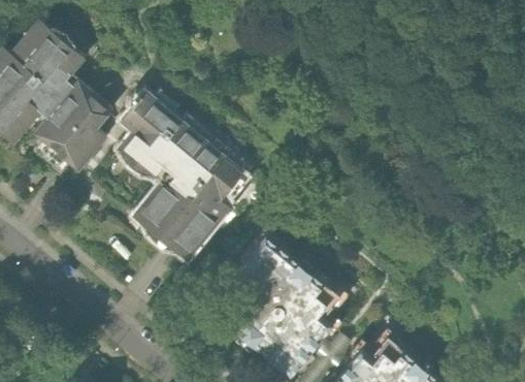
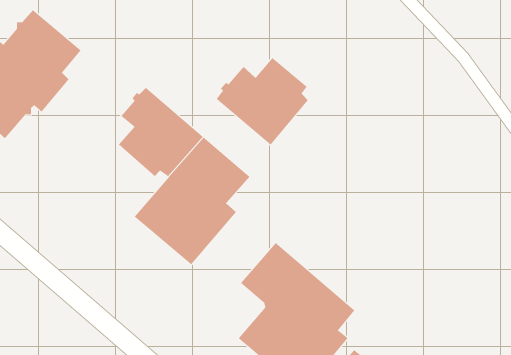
building: none -> [216,57,308,146]
building: [36,81,113,169] -> none

